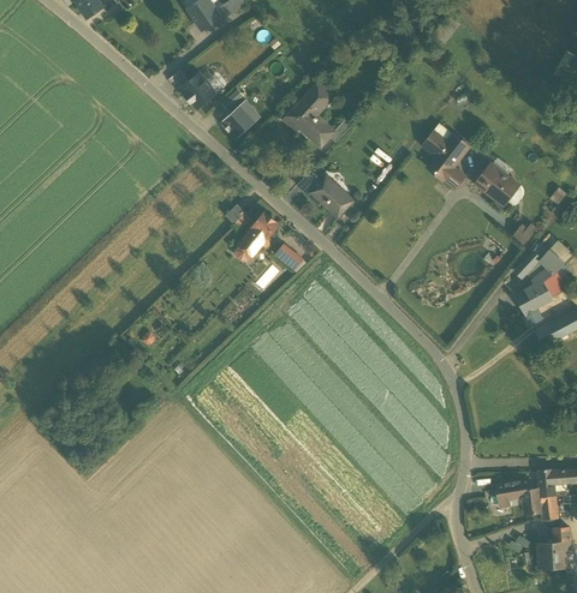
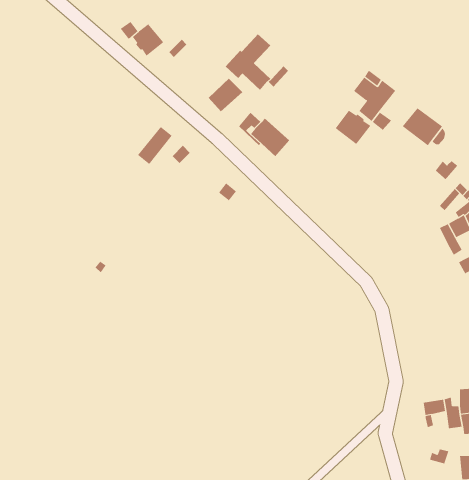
building: [222,100,261,137] -> [208,78,243,112]
building: none -> [335,110,371,145]
building: [239,214,278,256] -> [137,126,173,165]

